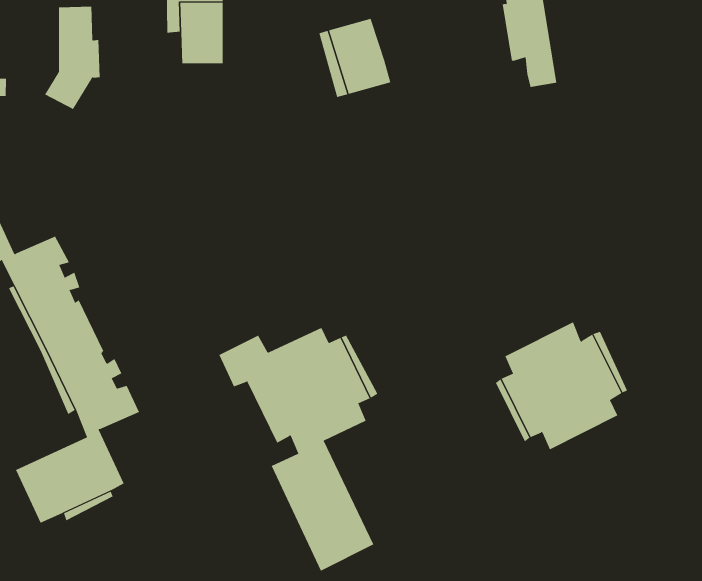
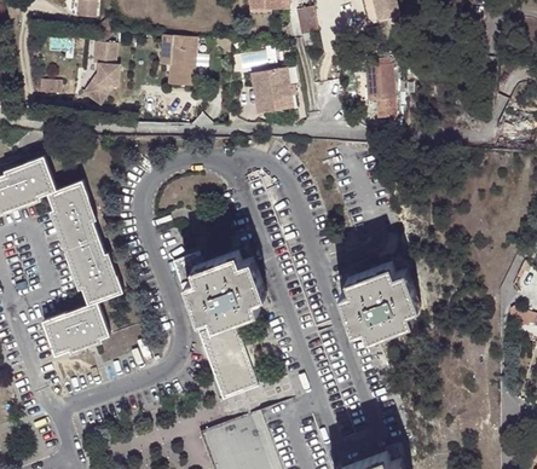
building: none -> [180,279,215,331]

